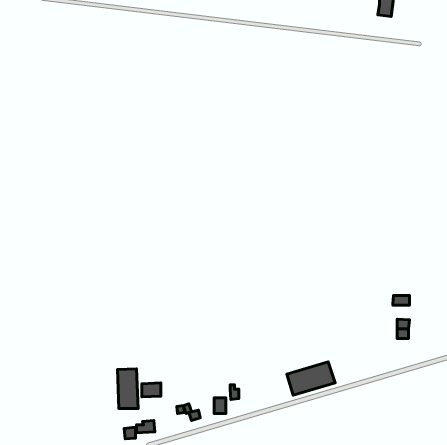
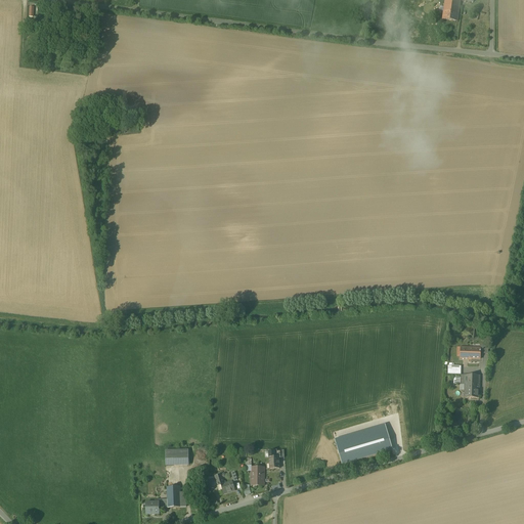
building: [117,369,138,408] -> none

